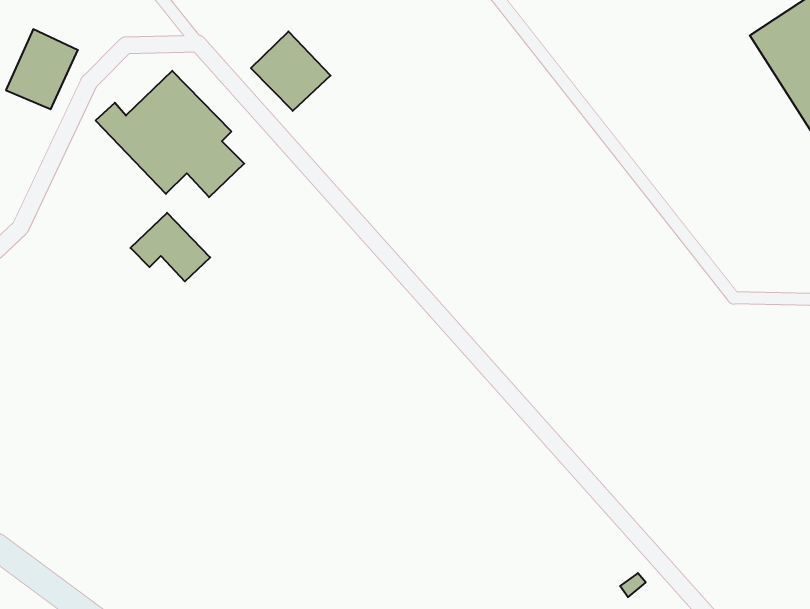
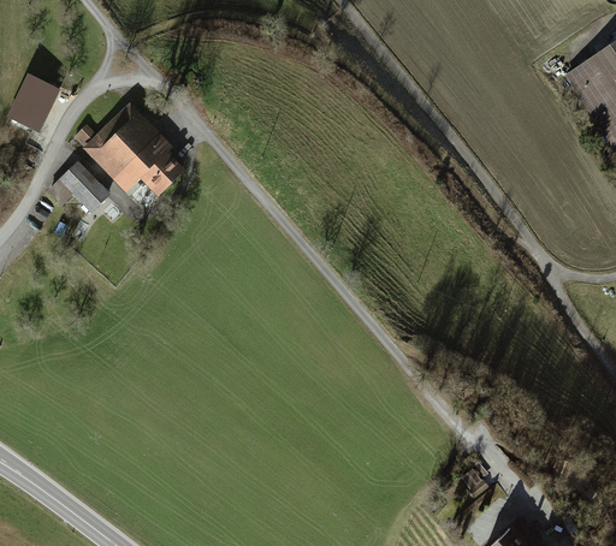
building: [251,31,331,111] -> none
building: [130,213,210,281] -> [52,165,112,216]

